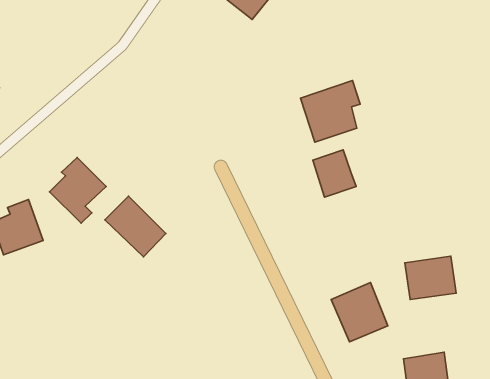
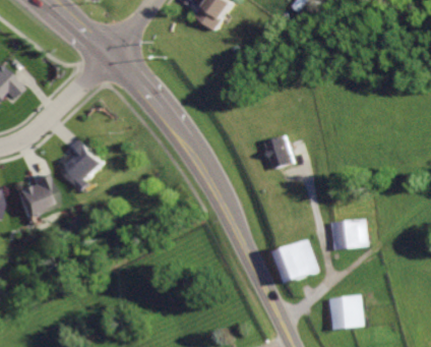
building: [300,81,360,142] -> none
building: [105,196,166,257] -> none

